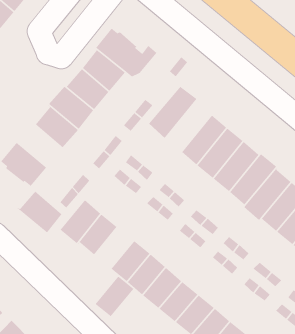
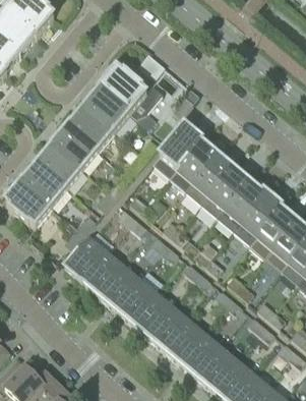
building: none -> [169,136,216,189]
building: [17,191,63,234] -> [21,162,67,205]
building: [95,275,134,317] -> [99,264,138,305]

